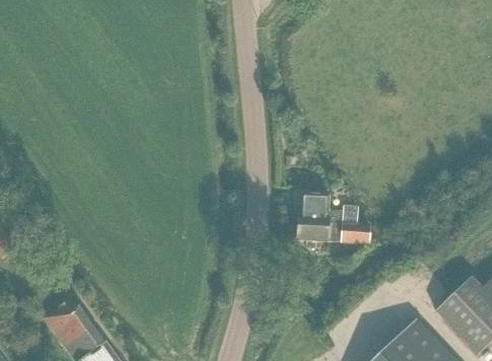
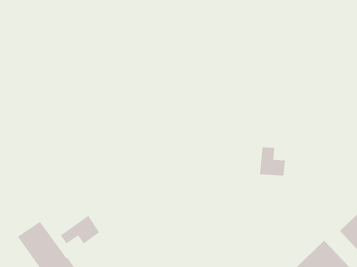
building: [297,192,340,240] -> none
building: none -> [60,215,100,245]

